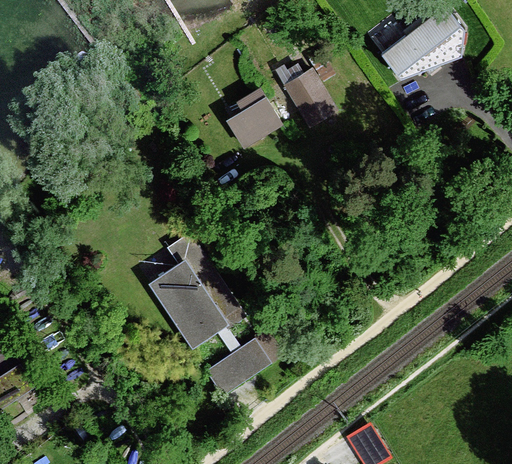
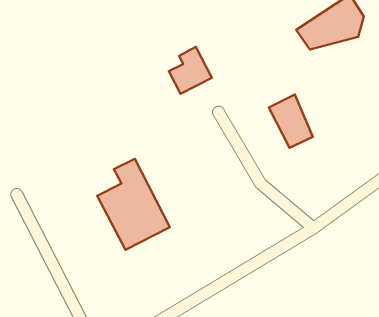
building: [284,62,342,129] -> [269,94,313,148]
building: [207,339,272,396] -> none

